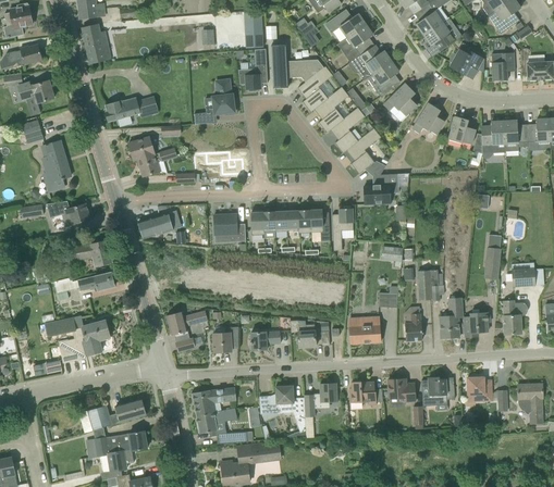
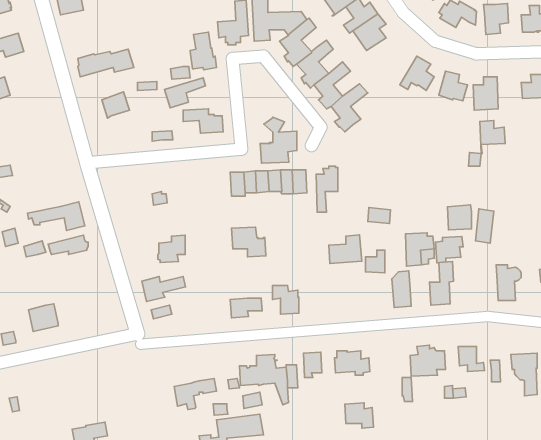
building: [383,83,417,116] -> none
building: [504,121,528,152] -> [480,120,505,154]
building: [41,140,71,192] -> none
building: [137,148,176,176] -> [164,78,206,108]
building: [364,161,398,204] -> [260,117,297,163]
building: [47,201,90,227] -> none
building: [138,212,173,238] -> none
building: [213,213,246,241] -> [232,227,266,257]
building: [512,262,534,286] -> [448,205,472,230]
building: [464,312,490,337] -> [436,237,463,263]
building: [45,315,110,355] -> none
building: [349,316,381,344] -> [329,235,362,264]
building: [212,326,238,352] -> [158,235,185,263]
building: [387,378,415,402] -> [345,403,373,428]
building: [193,387,236,415] -> none
building: [87,399,146,429] -> none
building: [94,430,147,455] -> none

